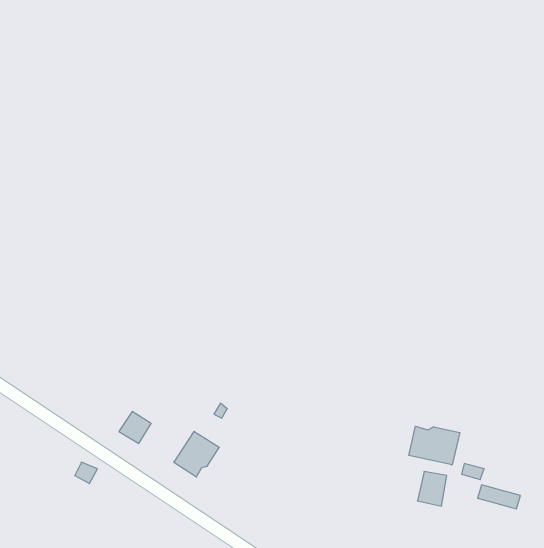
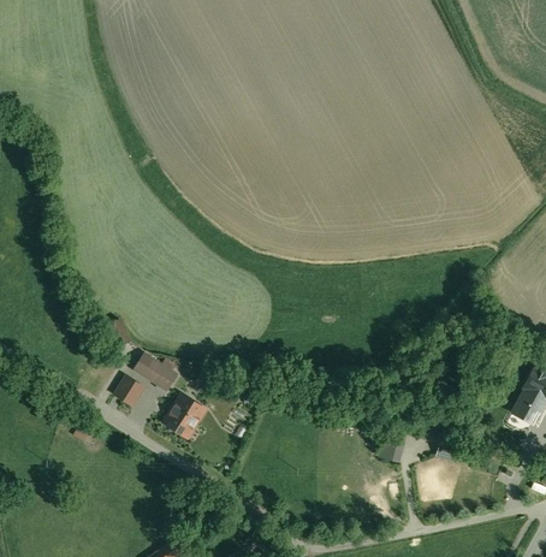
building: none -> [133,355,177,392]
building: [409,426,460,465] -> none

